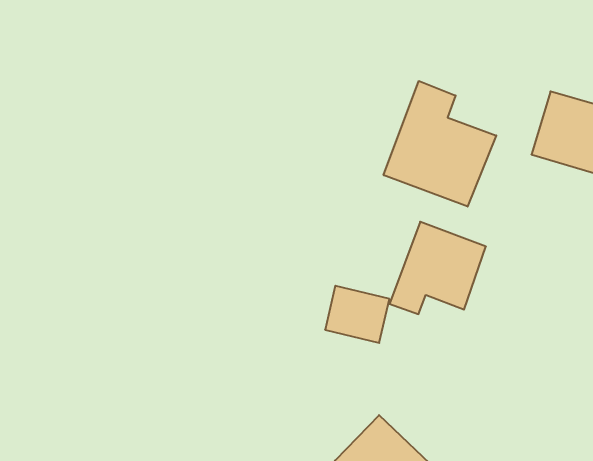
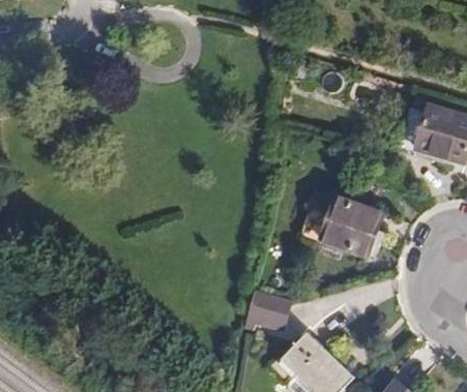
building: [384,81,496,207] -> none
building: [325,286,389,343] -> [247,288,293,328]

